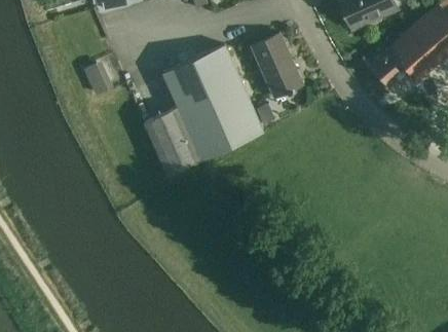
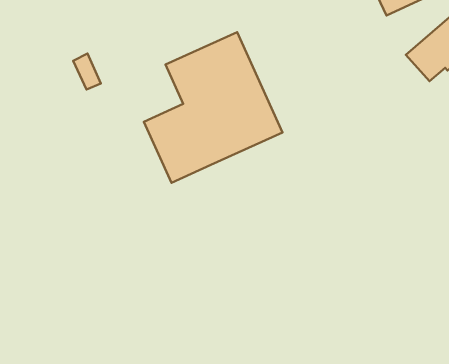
building: [251,34,302,99] -> none

